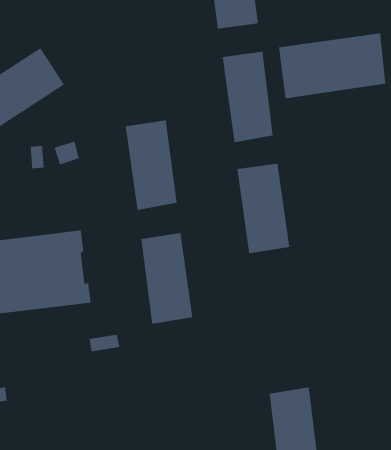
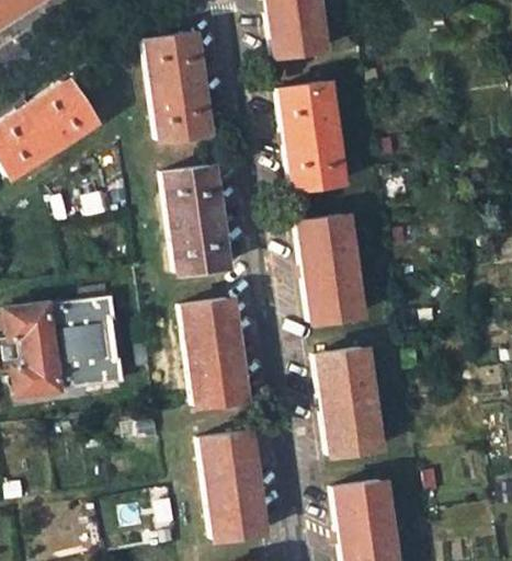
building: none -> [148,31,211,138]
building: [278,33,386,99] -> none
building: none -> [317,350,379,455]
building: none -> [203,432,264,538]

